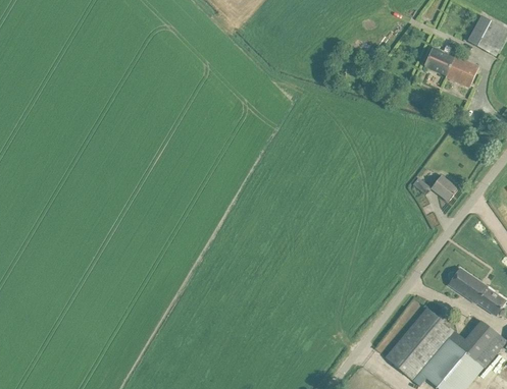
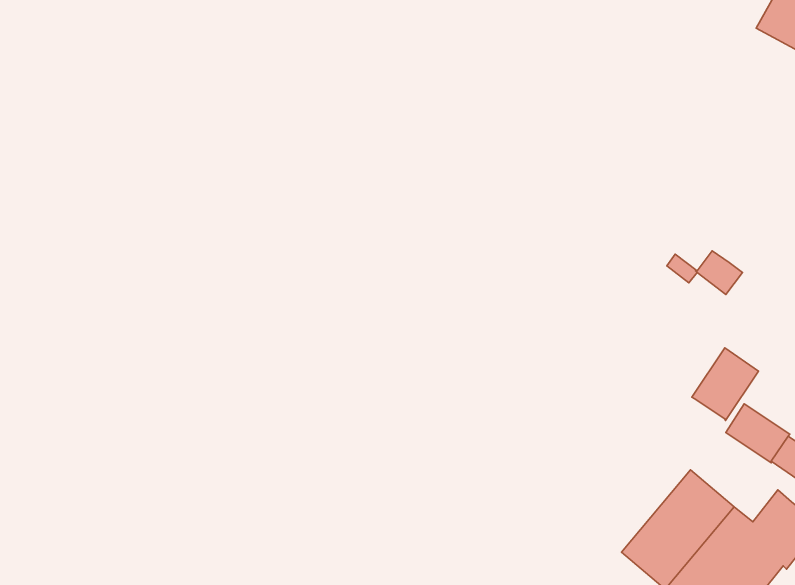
building: [423,49,478,88] -> none
building: none -> [692,348,759,421]

